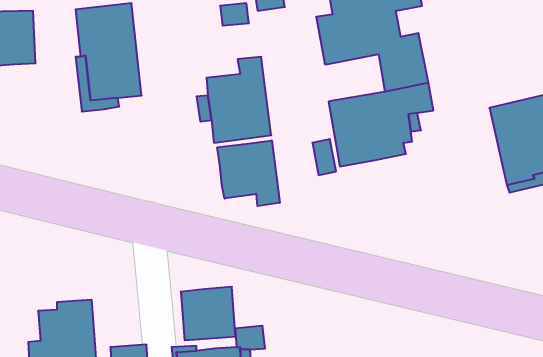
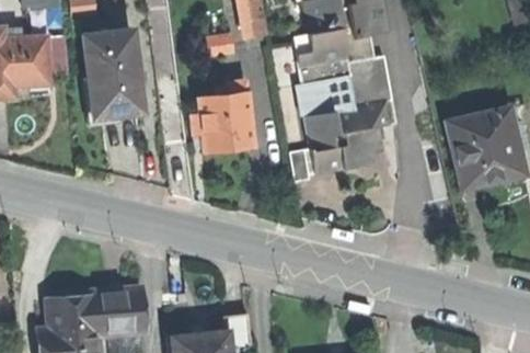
building: none -> [303,76,354,116]
building: [217,140,280,206] -> none
building: [181,287,236,340] -> [96,287,145,334]

